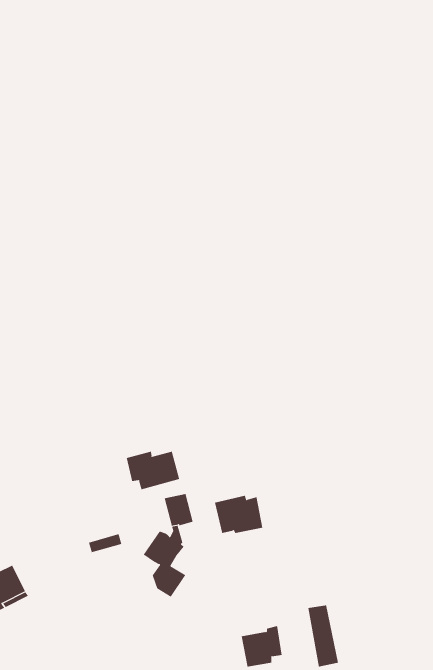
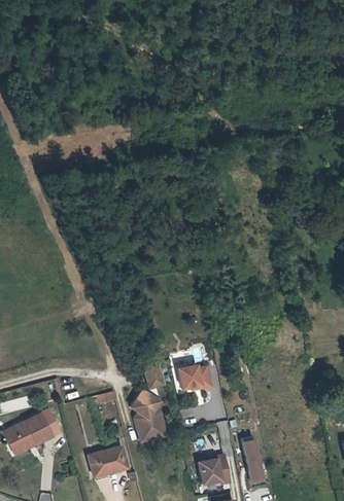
building: [126,451,180,490] -> none
building: none -> [133,406,166,441]
building: none -> [90,446,129,477]

